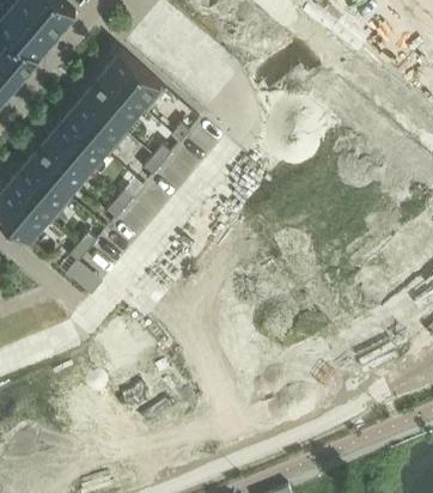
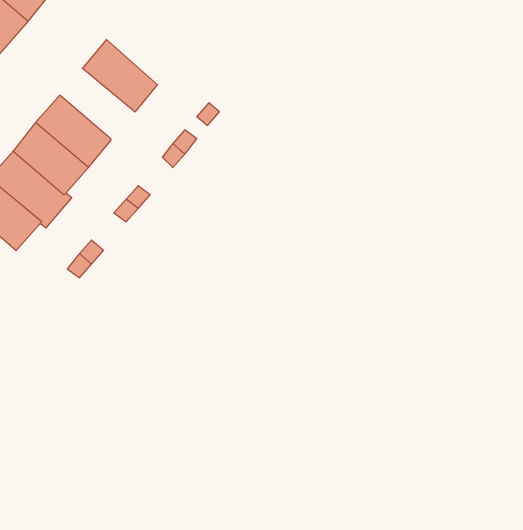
building: [98,55,164,117] -> none
building: [61,101,126,162] -> none

